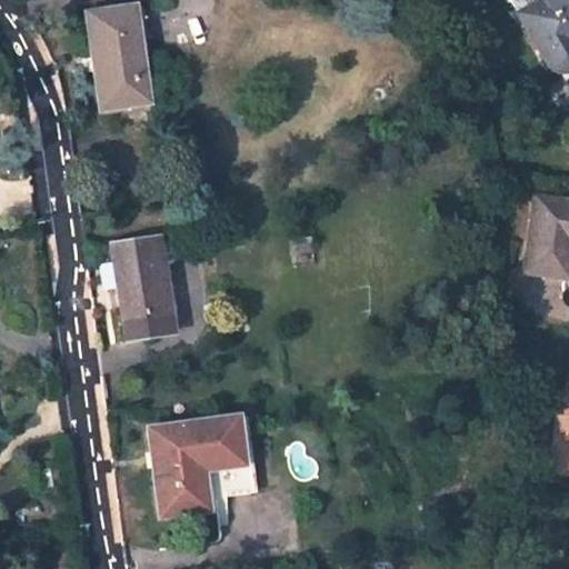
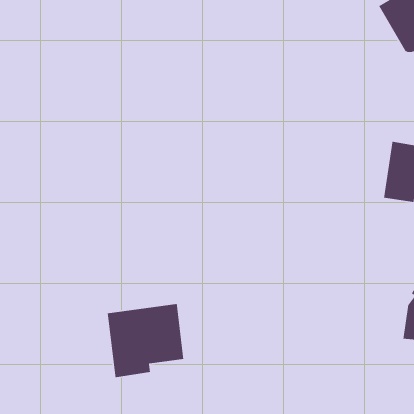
building: [88,4,147,106] -> none
building: [112,236,170,337] -> none

